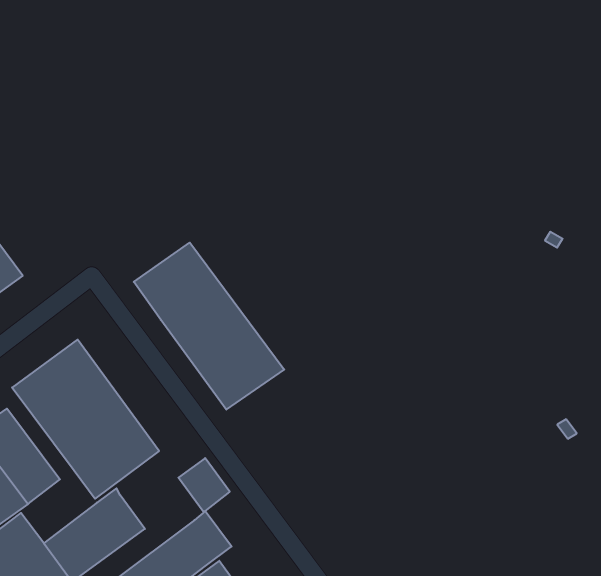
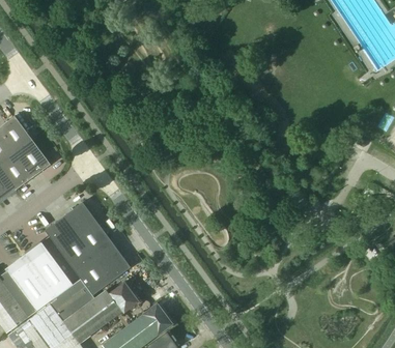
building: [134,243,284,410] -> none
building: [178,458,230,511] -> [107,282,137,313]
building: none -> [49,279,93,321]

